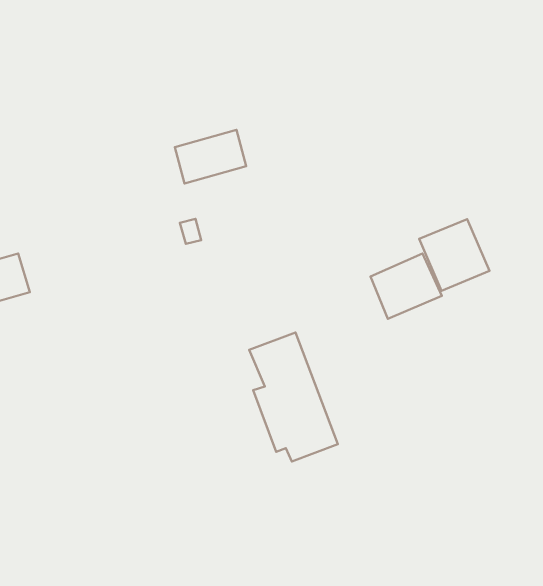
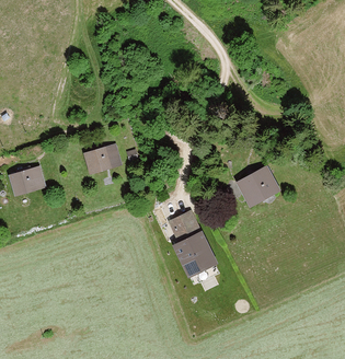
building: [175,130,246,184] -> [83,143,124,174]
building: [419,219,489,291] -> none

